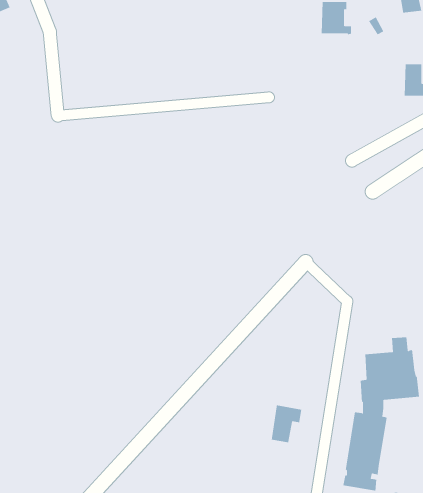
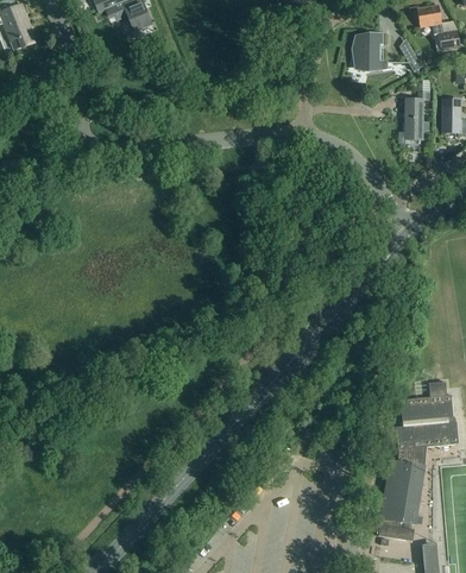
building: none -> [404,90,430,138]
building: [271,405,302,443] -> none

